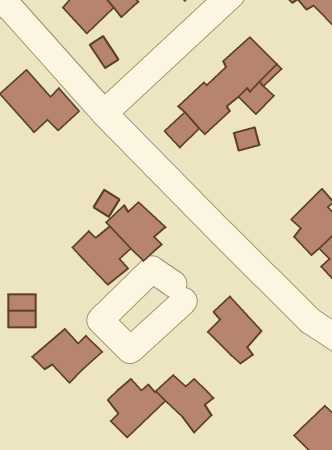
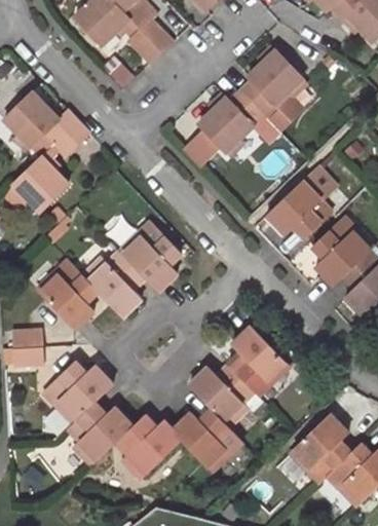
building: none -> [126,18,168,62]
building: none -> [11,152,67,208]
building: none -> [268,168,341,242]
building: none -> [38,255,96,331]
building: none -> [185,365,253,431]
building: none -> [71,407,133,469]
building: none -> [291,422,353,484]

